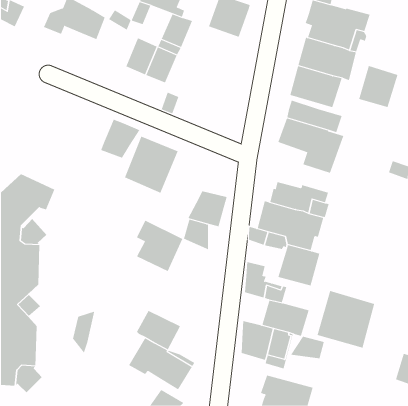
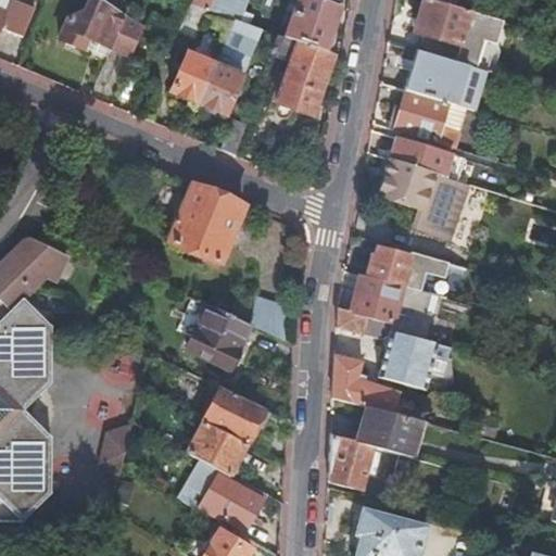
building: none -> [257,34,330,115]
building: [358,65,398,108] -> none
building: [100,119,140,158] -> none
building: [187,190,227,227] -> none
building: none -> [202,388,265,443]
building: [317,290,375,348] -> none
building: [290,336,324,359] -> none

